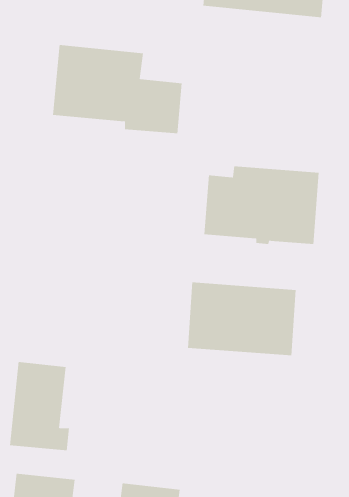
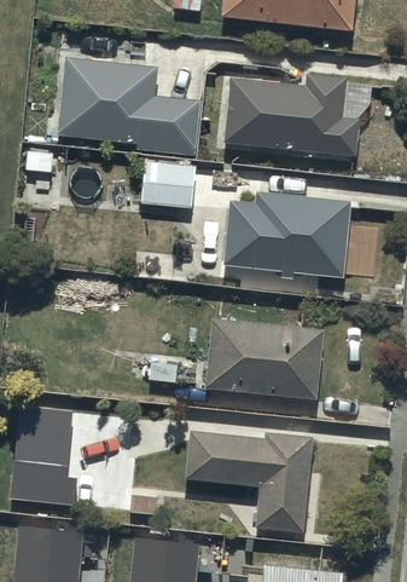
building: none -> [225,74,376,152]
building: none -> [141,159,197,207]
building: none -> [185,431,314,531]

